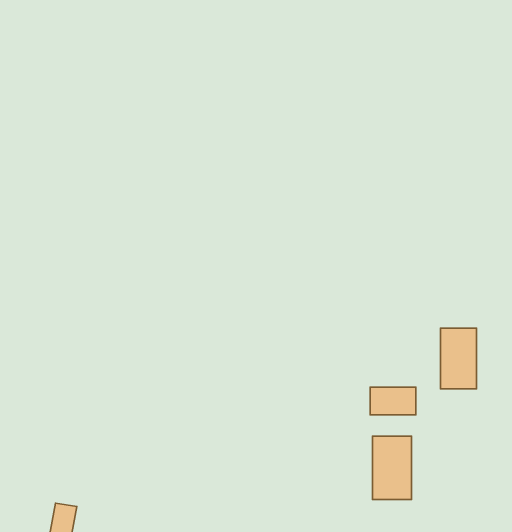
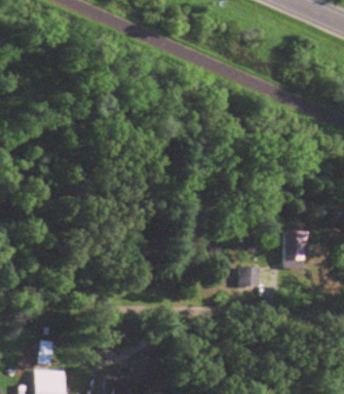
building: [372,436,412,500] -> none

